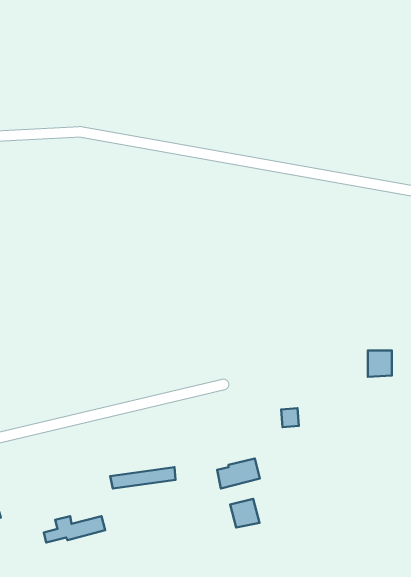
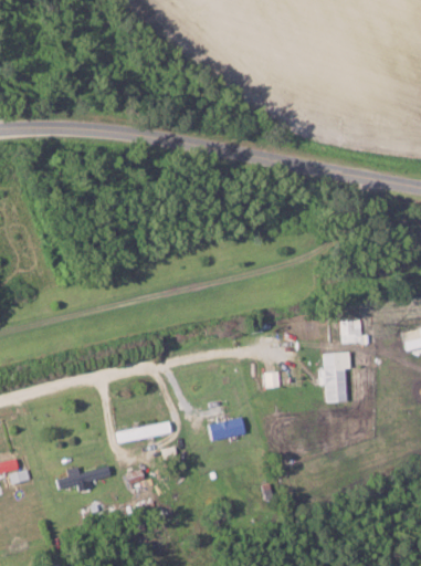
building: none -> [318,353,350,403]
building: [230,499,259,528] -> none

